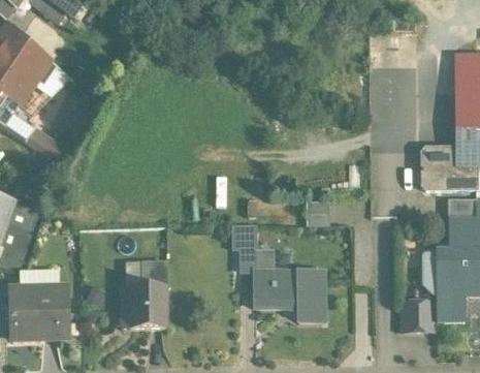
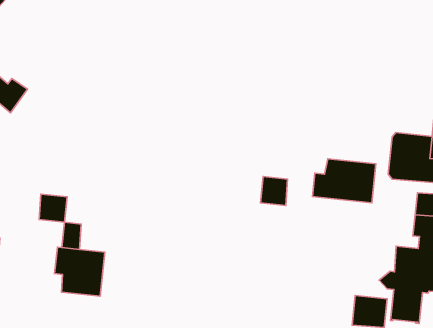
building: none -> [313,159,376,203]
building: [232,228,326,323] -> none
building: [141,263,166,287] -> [39,194,67,222]

